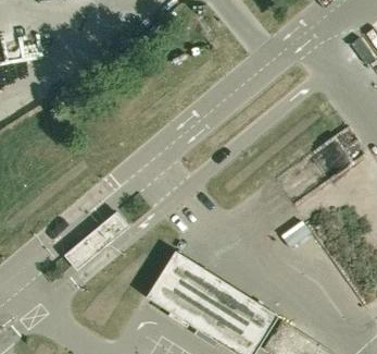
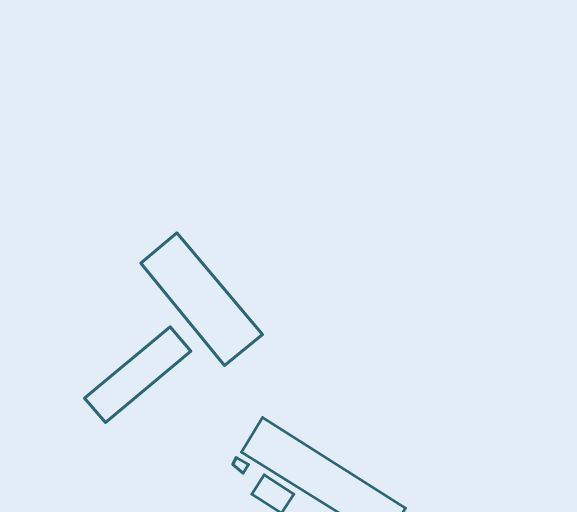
building: none -> [141,233,263,366]

